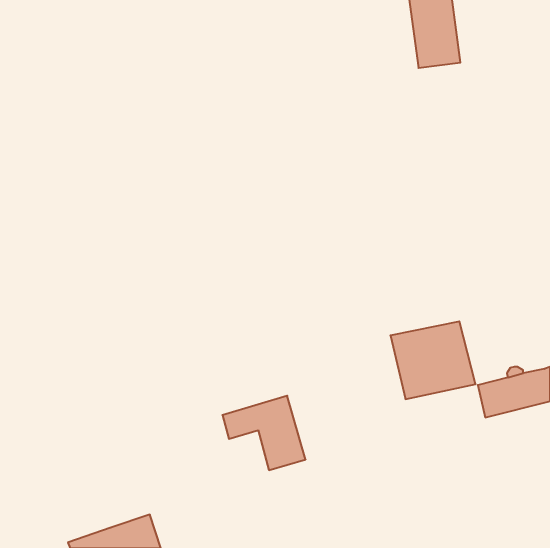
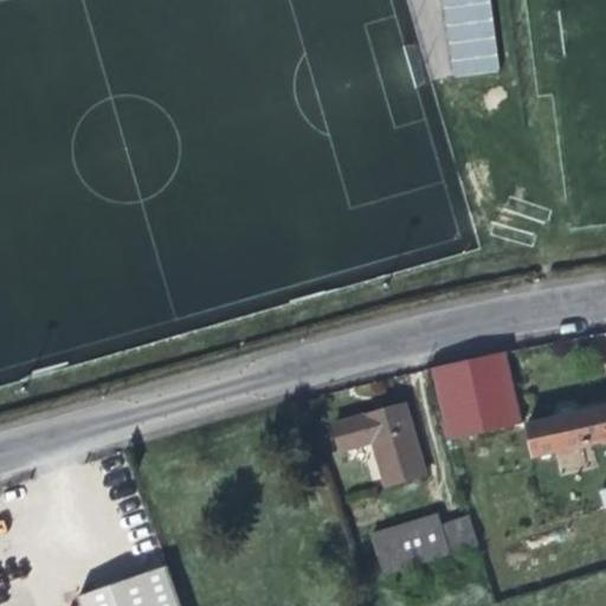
building: [222,396,306,470] -> [334,406,425,488]
building: none -> [370,516,477,574]

